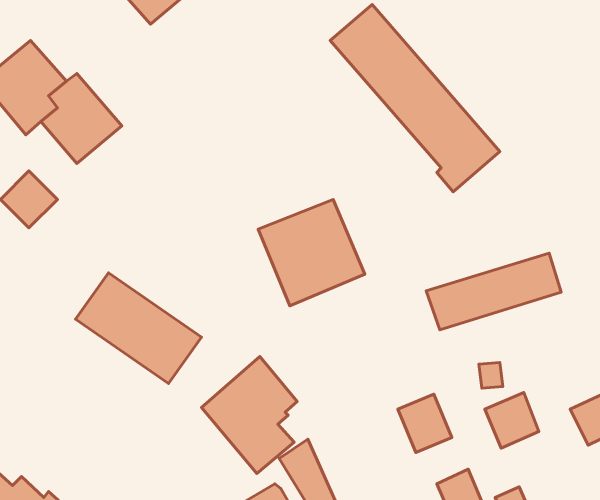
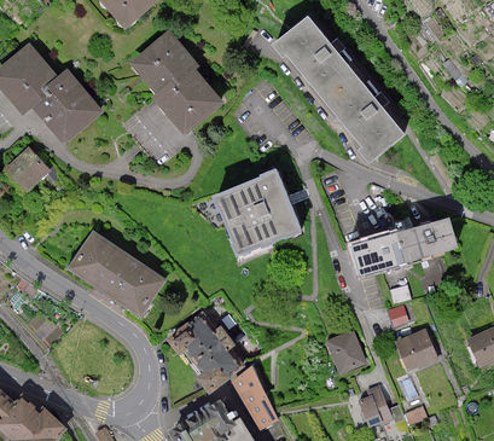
building: none -> [128,29,225,137]

